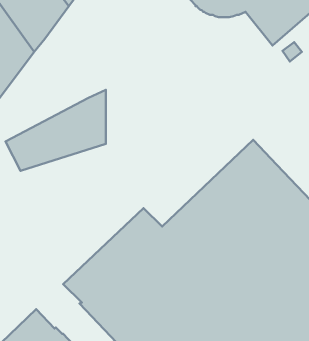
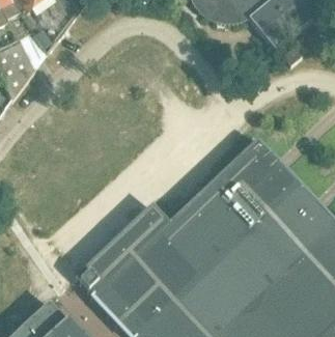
building: [6,90,106,171] -> none

